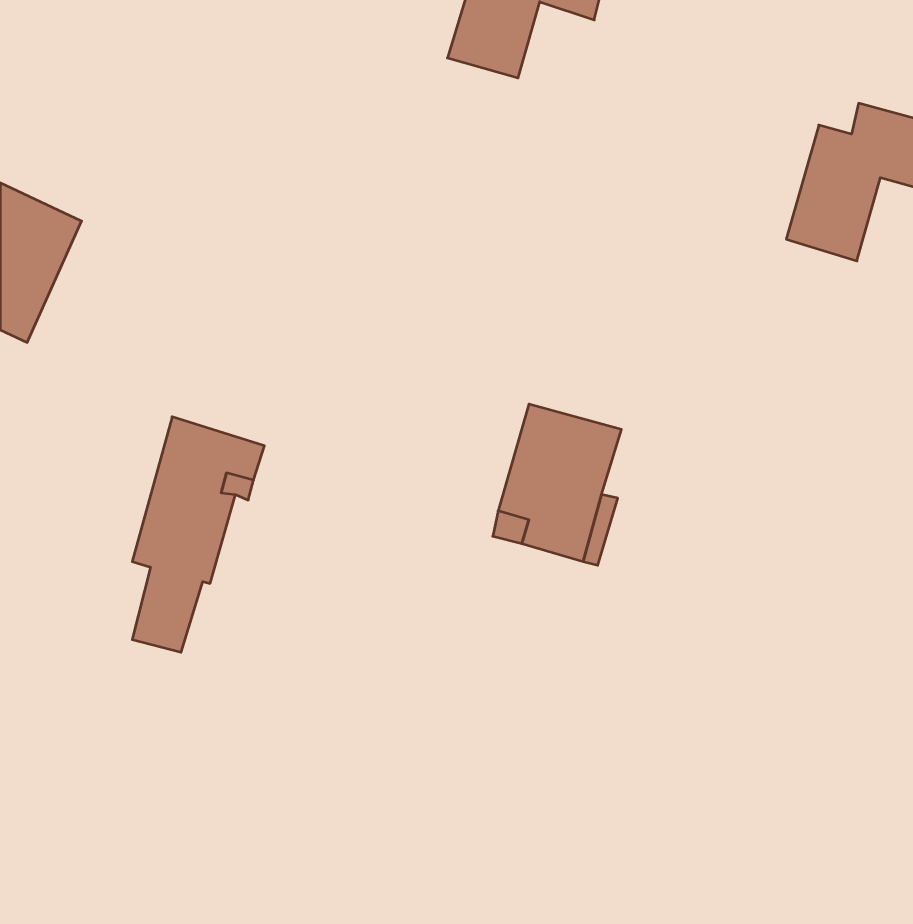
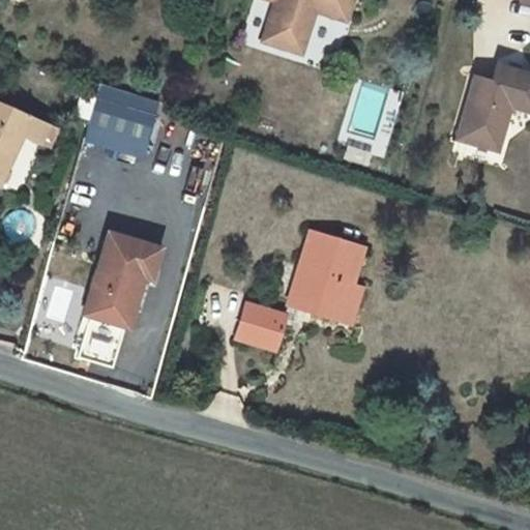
building: none -> [91,83,163,153]
building: none -> [234,306,285,353]

